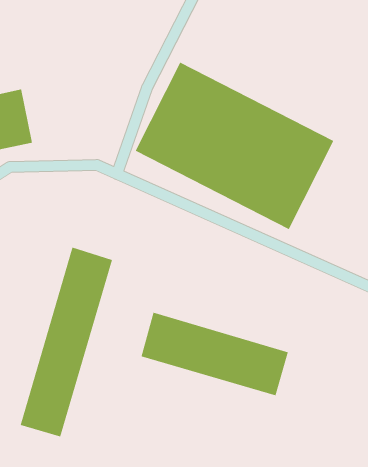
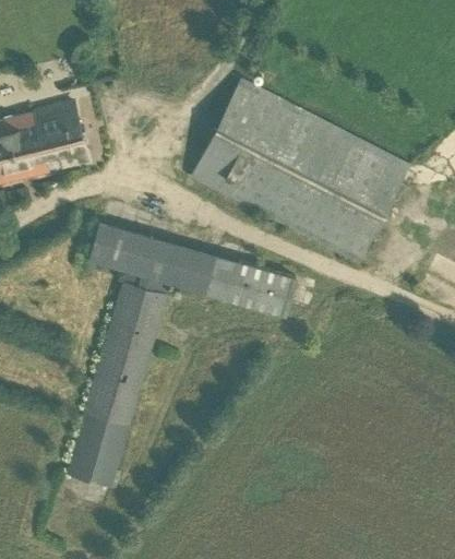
building: none -> [91,219,300,317]
building: [141,312,289,396] -> none

